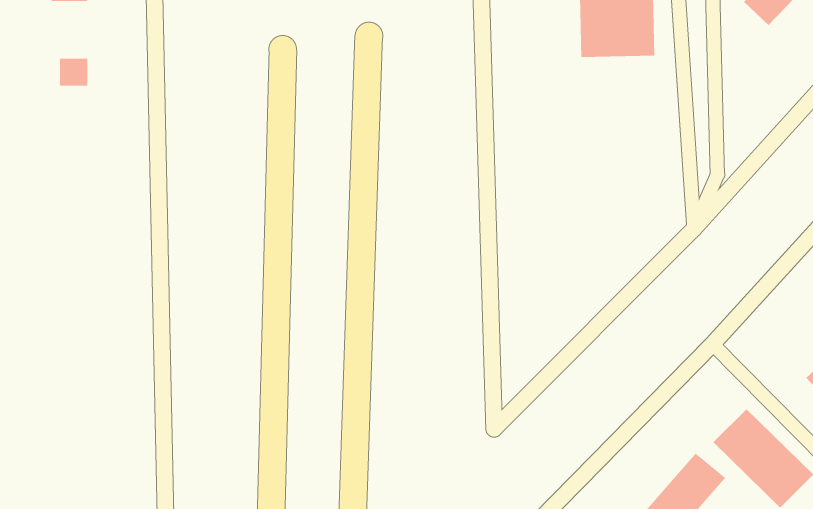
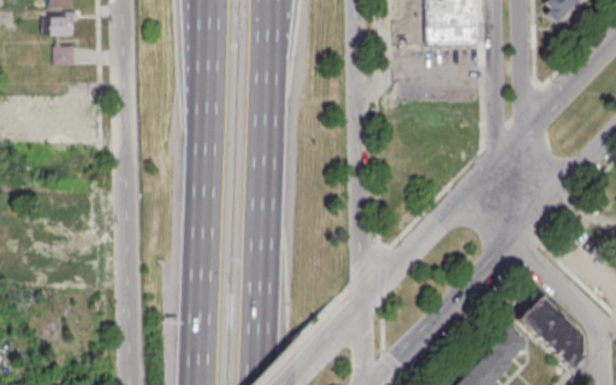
building: none -> [51,12,75,36]

